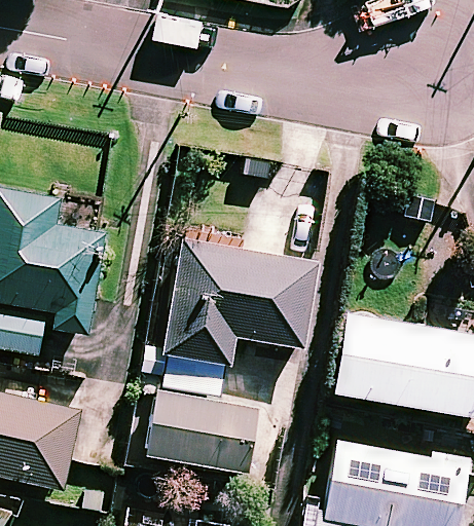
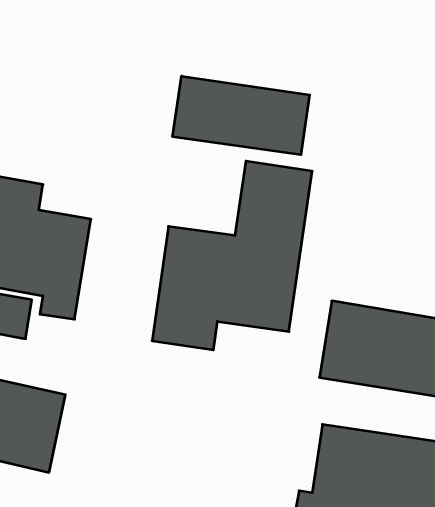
building: none -> [173,76,310,155]
building: [150,392,256,472] -> none

